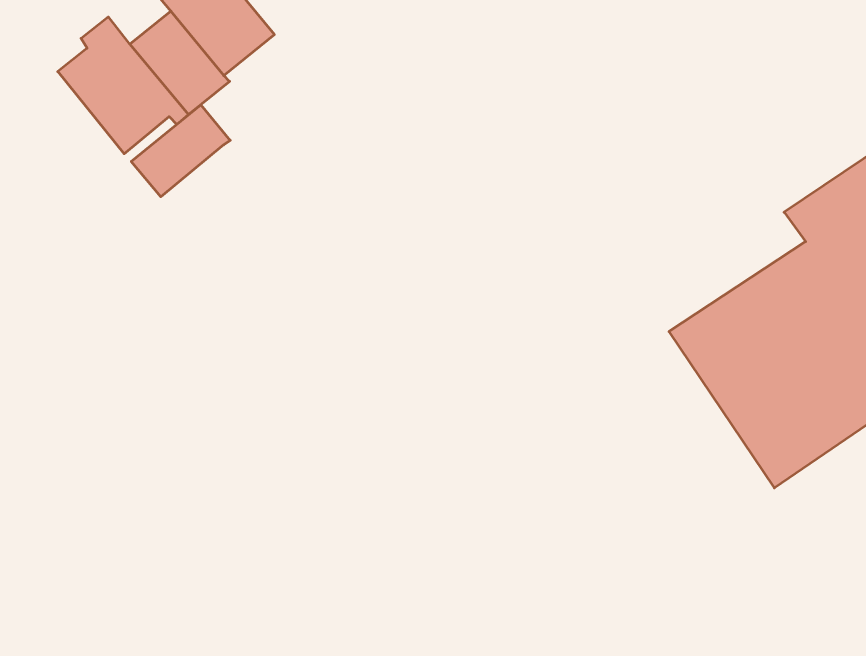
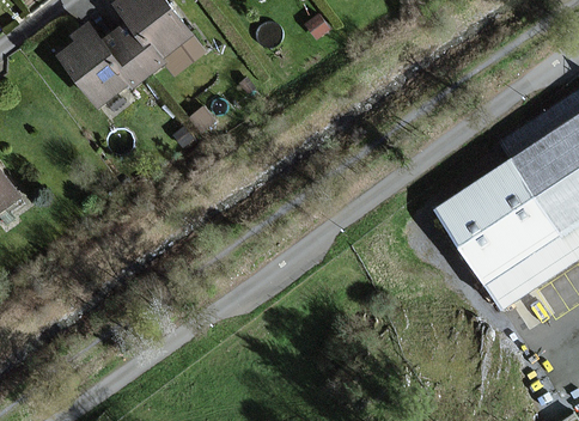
building: [131,105,230,197] -> none

